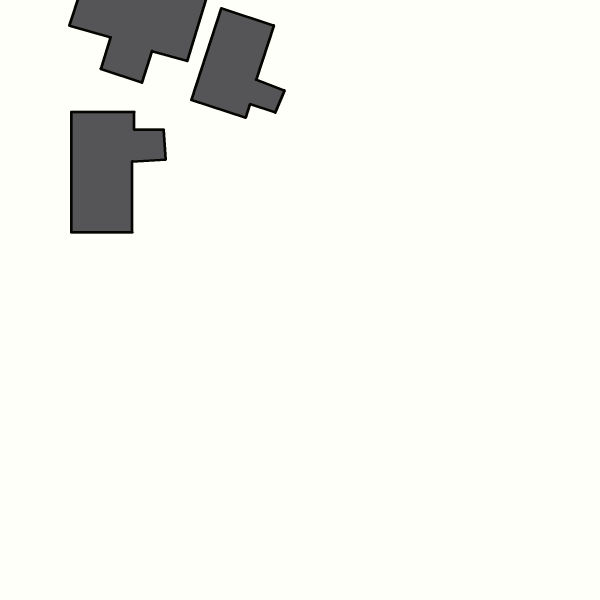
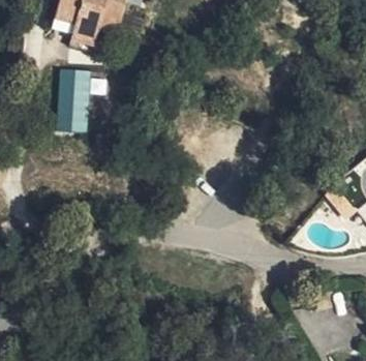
building: [191,8,284,118] -> none

